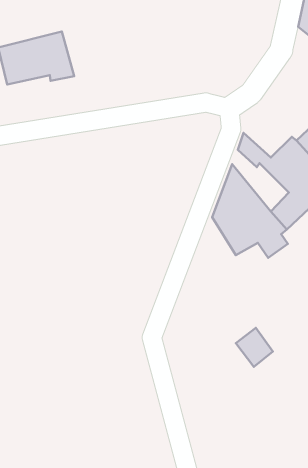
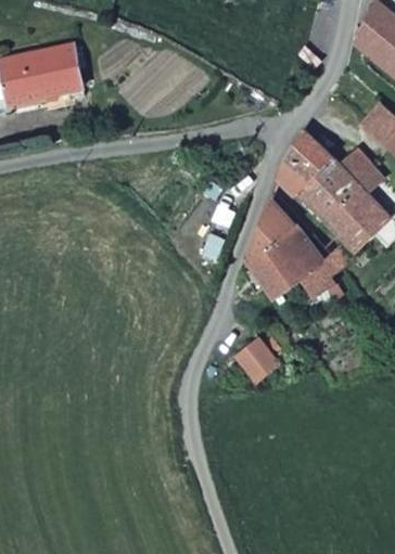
building: none -> [283,131,339,188]
building: [236,328,273,367] -> [234,339,277,384]

